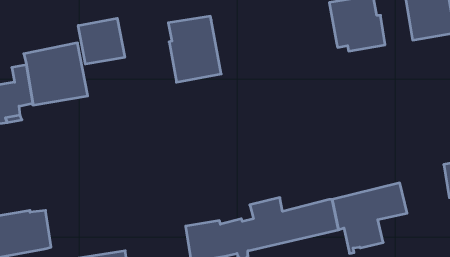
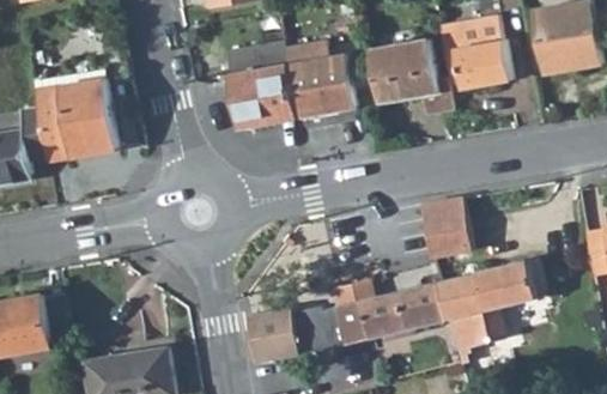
building: none -> [281,40,353,117]
building: none -> [369,40,450,114]
building: [78,18,125,64] -> none
building: none -> [420,198,473,257]

